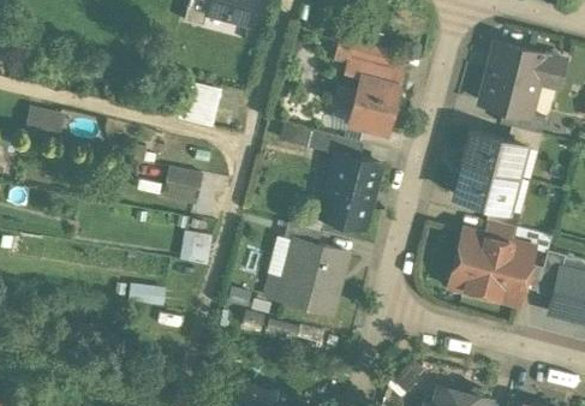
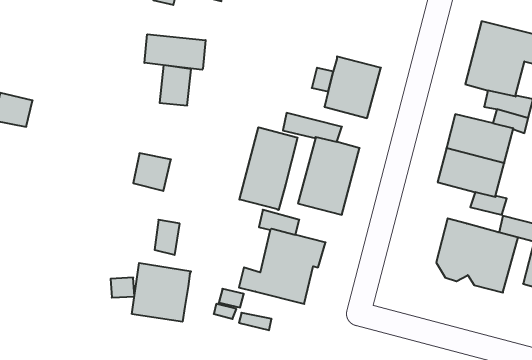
building: [335,37,405,86] -> none
building: none -> [144,34,206,70]
building: none -> [239,127,298,210]
building: none -> [132,263,191,322]

